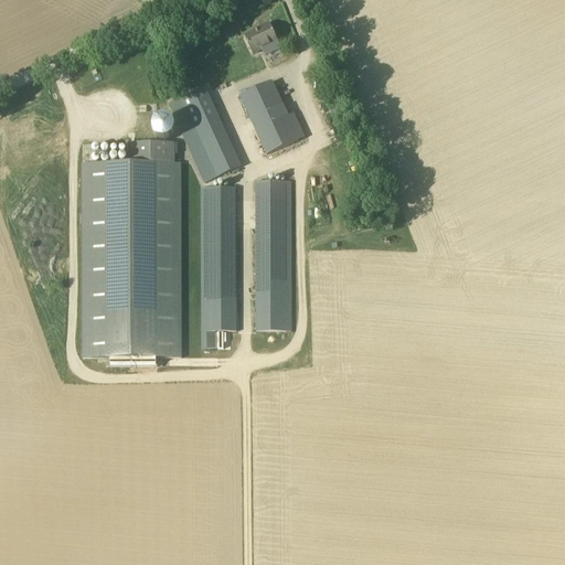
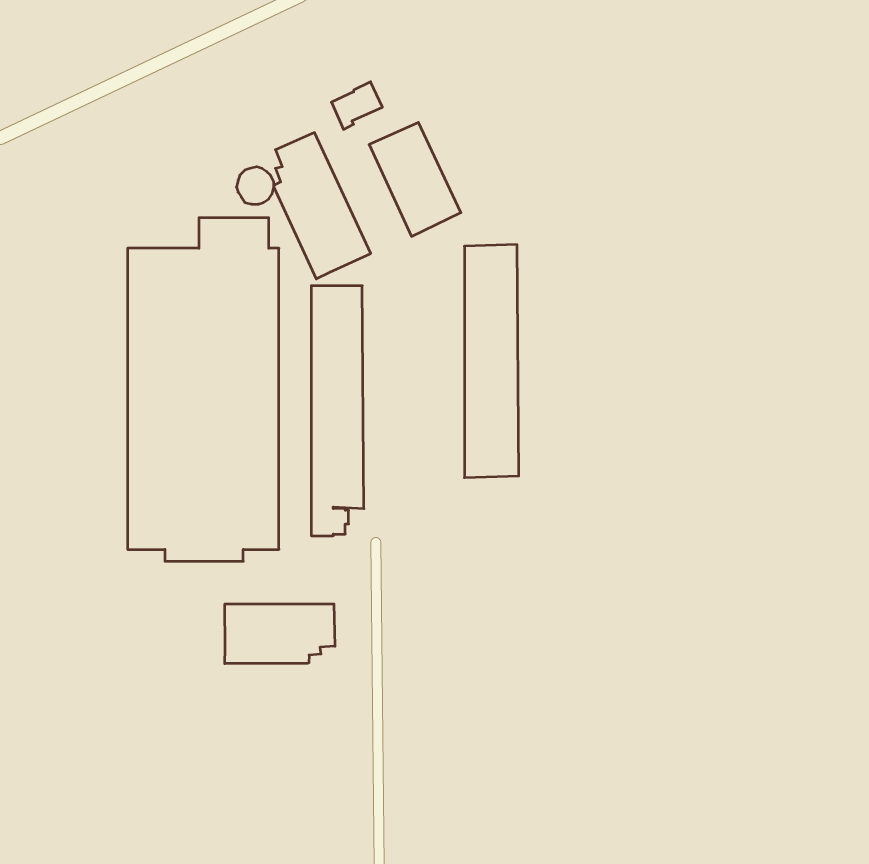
building: [244,21,277,52] -> [331,82,382,129]
building: [256,179,291,330] -> [464,245,519,478]
building: none -> [225,604,335,664]

